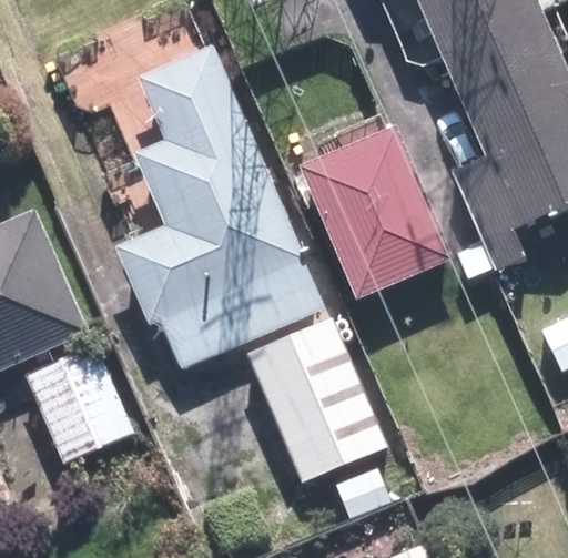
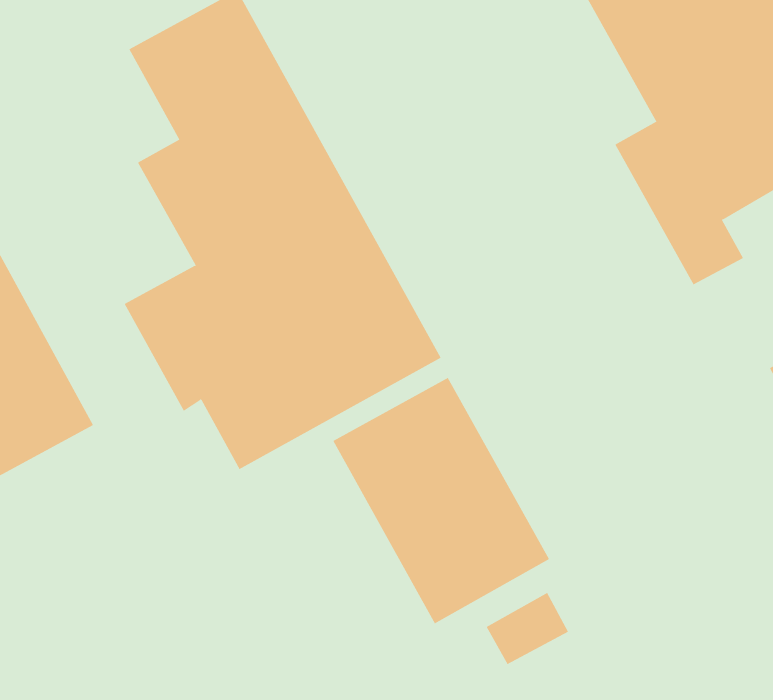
building: [294,124,449,301] -> none
building: [26,342,135,461] -> none

